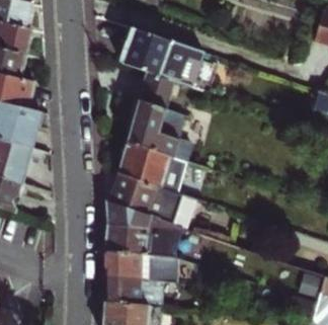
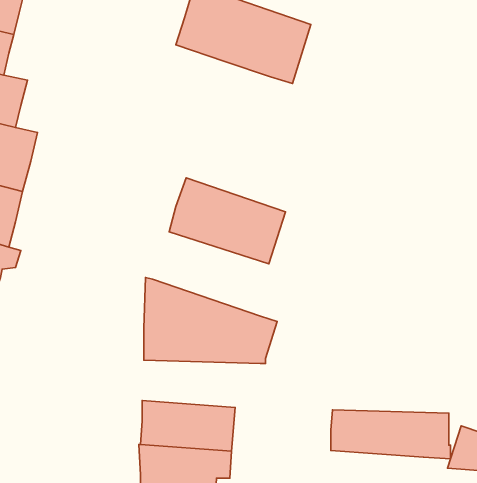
building: [129,71,198,162] -> none
building: [108,173,183,224] -> none
building: [102,250,174,279] -> [331,410,451,459]

